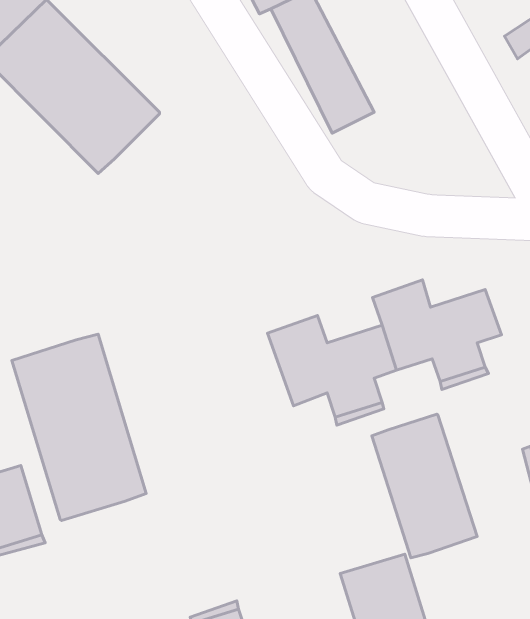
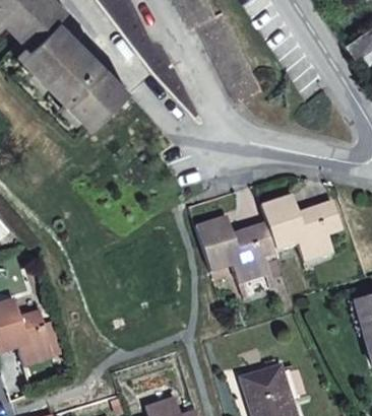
building: [12,334,146,520] -> none
building: [372,414,477,558] -> none

